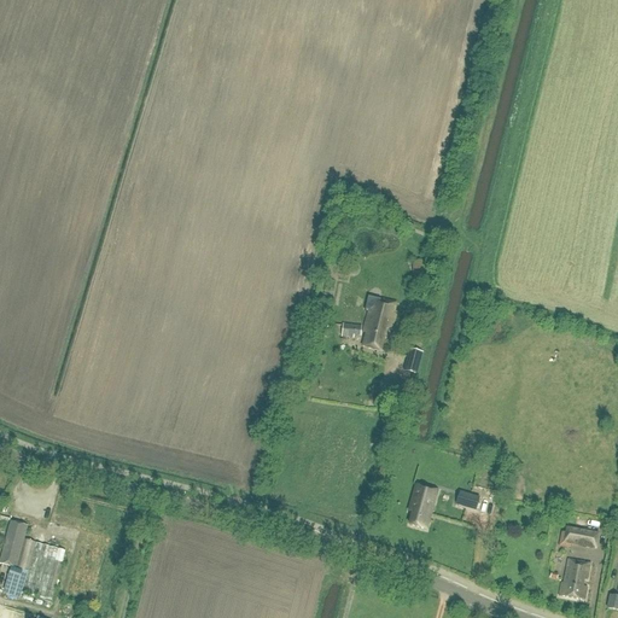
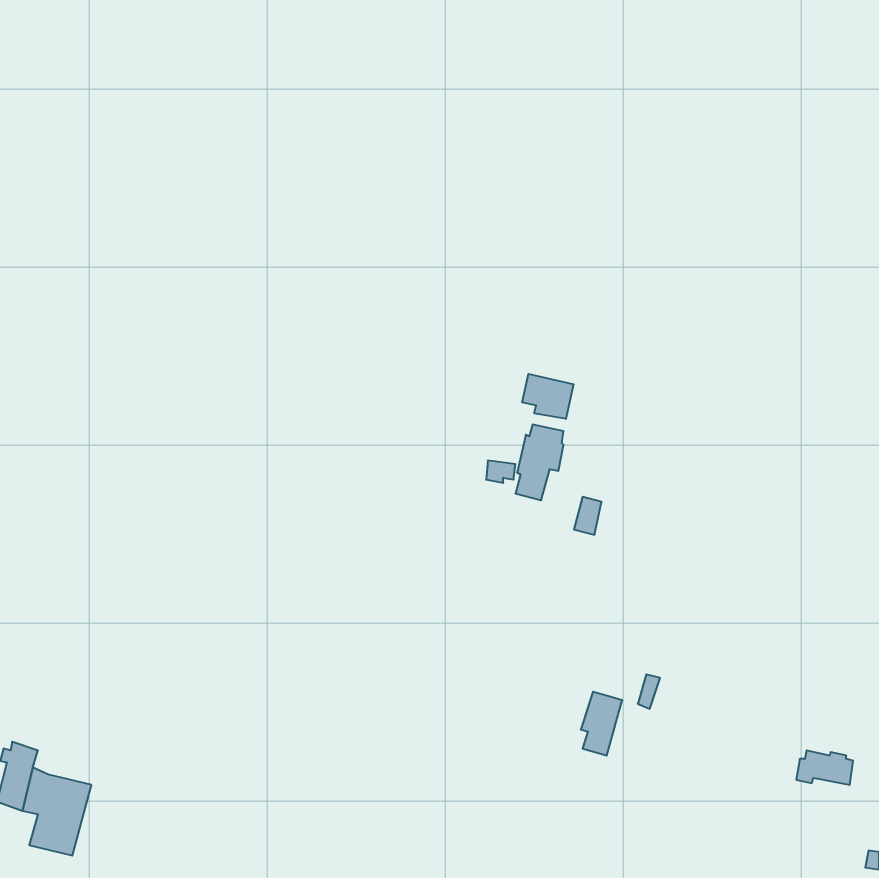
building: none -> [522,374,574,419]
building: [558,559,588,599] -> none

